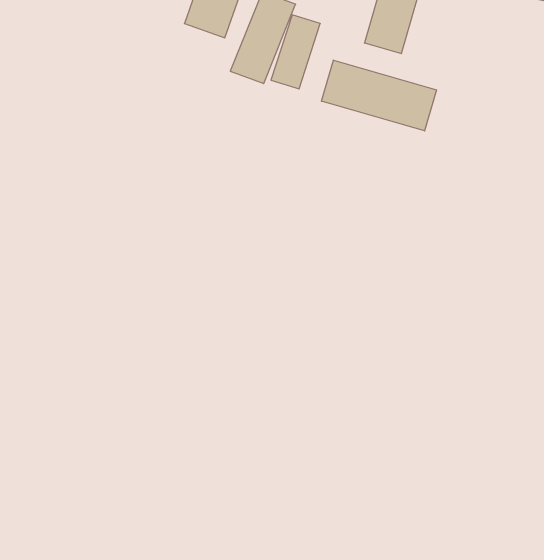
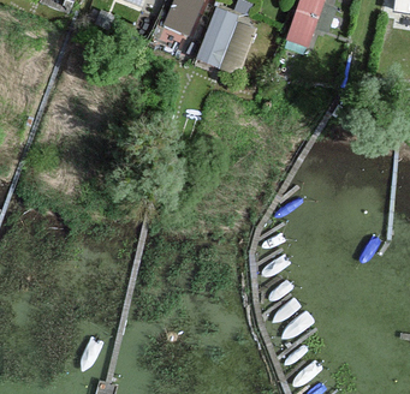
building: [321,60,437,131] -> none

